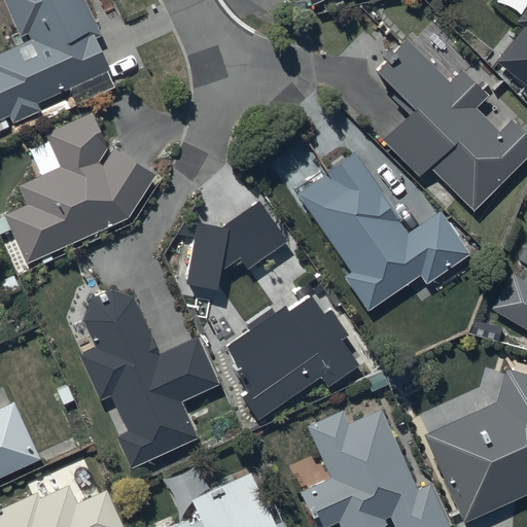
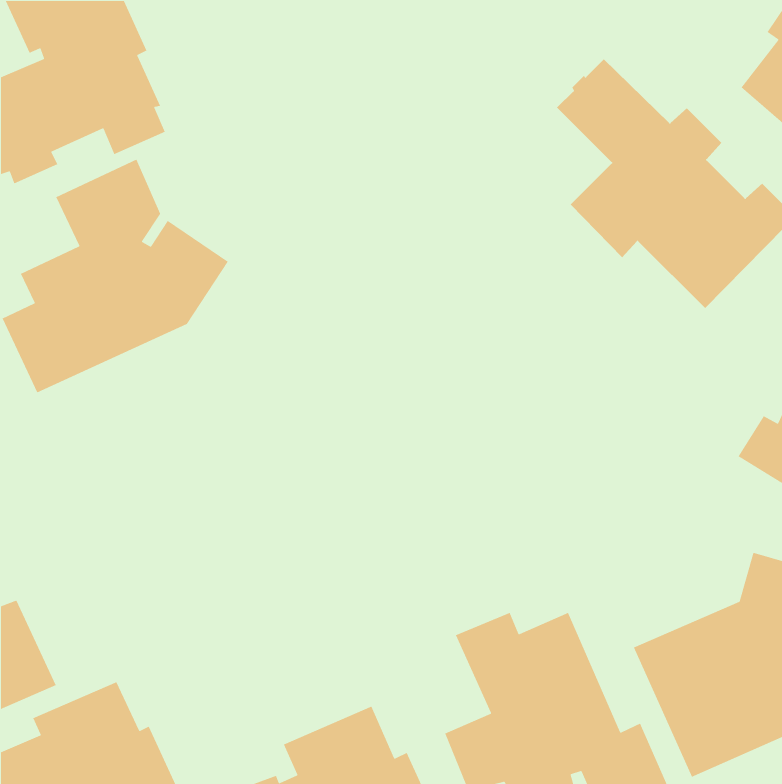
building: [295,152,469,311] -> none
building: [178,200,288,290] -> none
building: [79,290,220,470] -> none
building: [224,295,359,420] -> none

